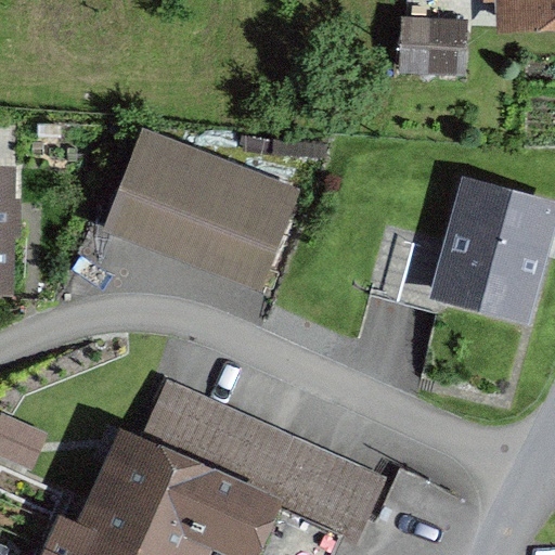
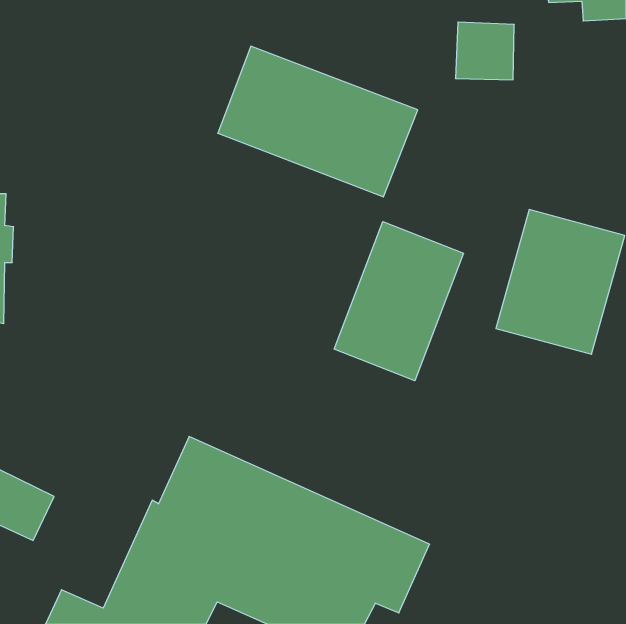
building: [114,138,291,271] -> [218,46,418,197]
building: none -> [334,222,464,381]

